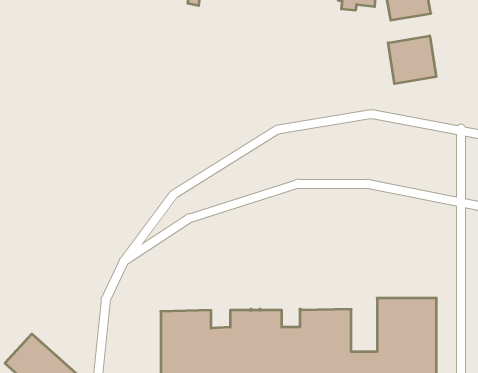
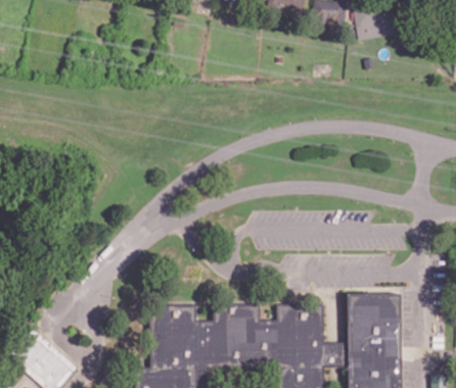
building: [388,36,436,84] -> none

